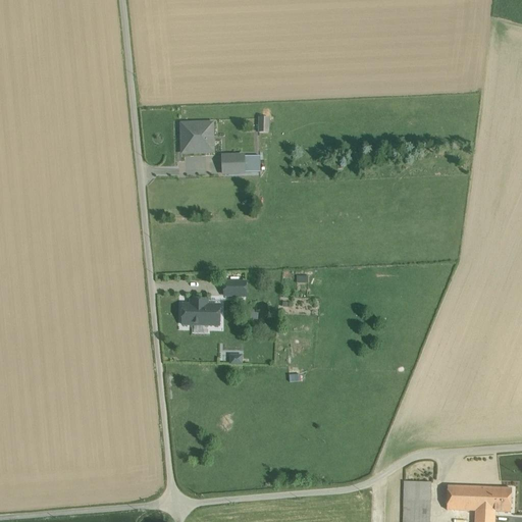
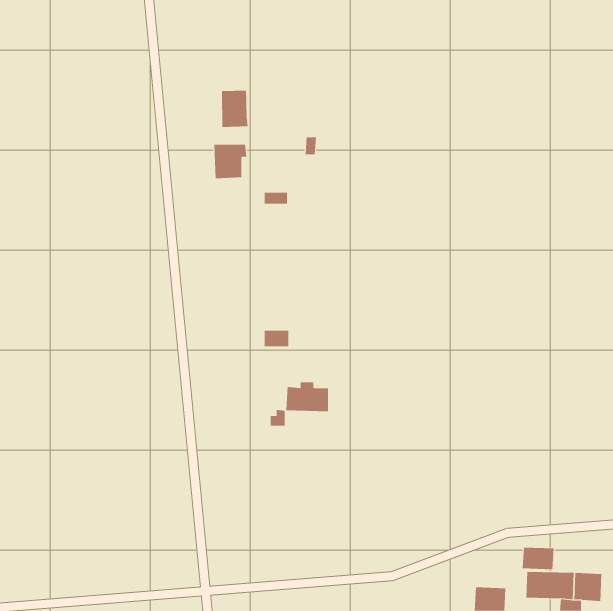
building: none -> [221,90,248,128]
building: [182,299,219,324] -> [286,382,329,412]
building: [404,480,431,500] -> [522,547,554,570]

